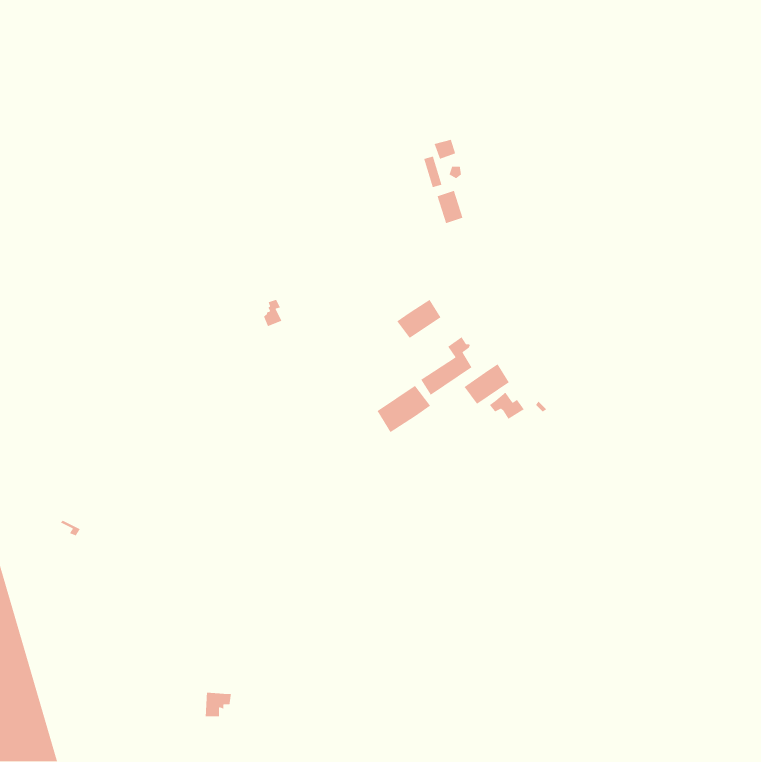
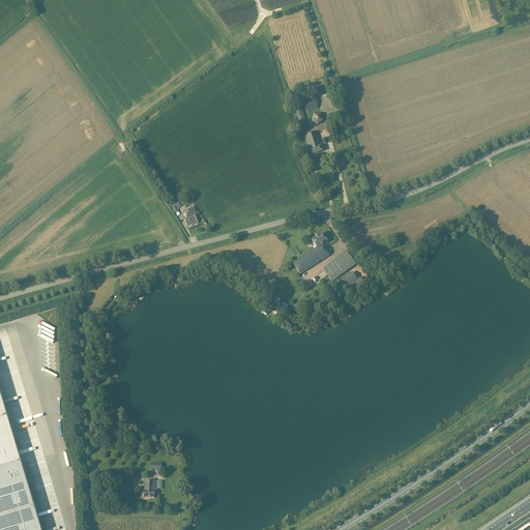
building: [396,299,441,339] -> none
building: [377,385,431,433] -> none

